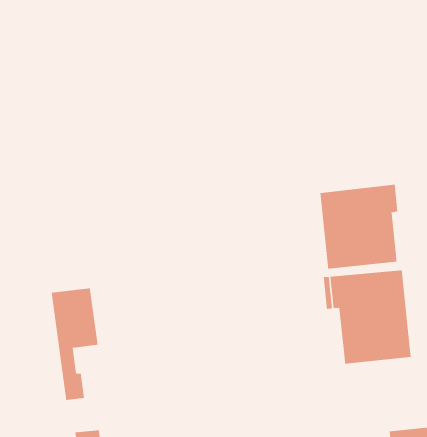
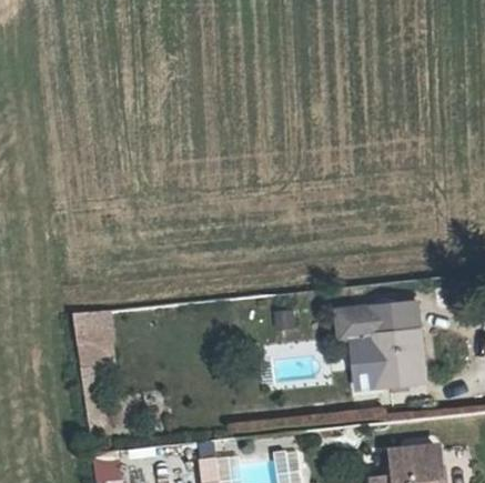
building: [320,184,398,269] -> none

